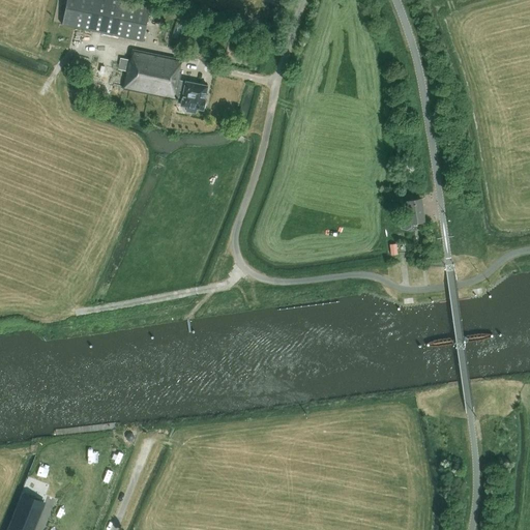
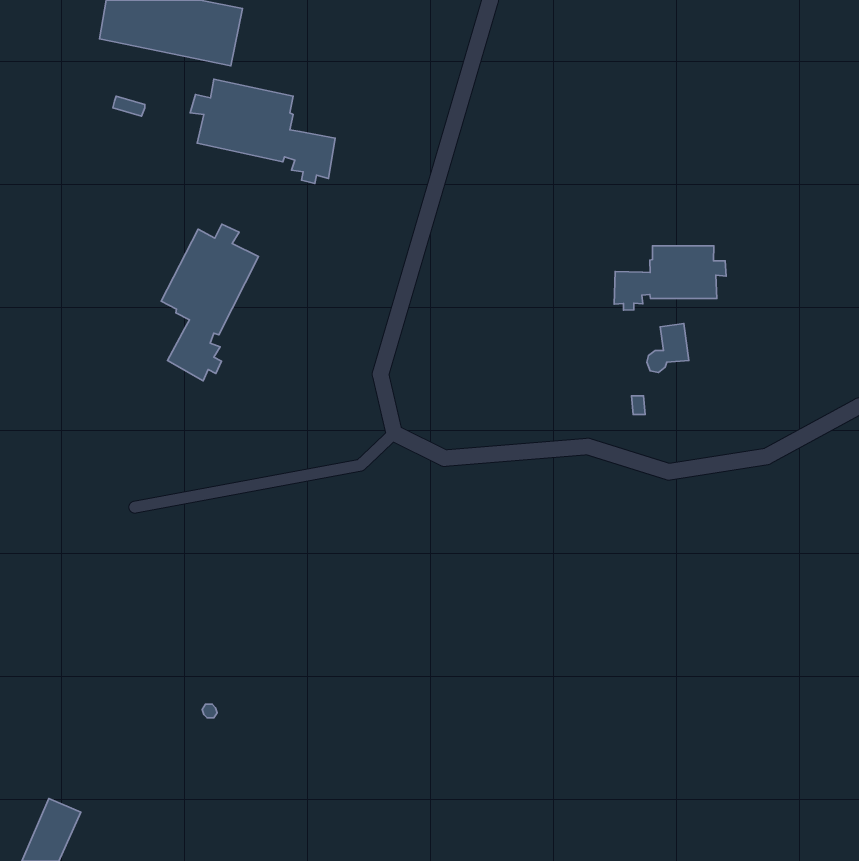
building: none -> [161,224,259,381]
building: none -> [614,246,726,310]

